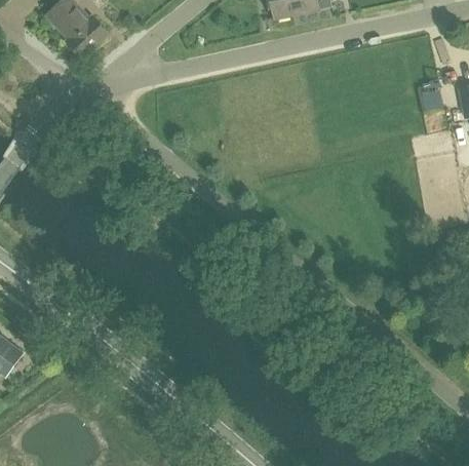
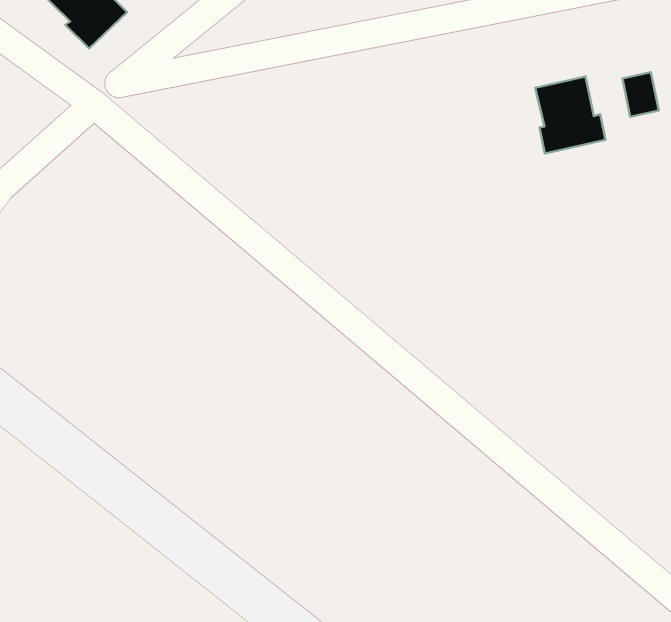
building: none -> [535,77,605,153]

